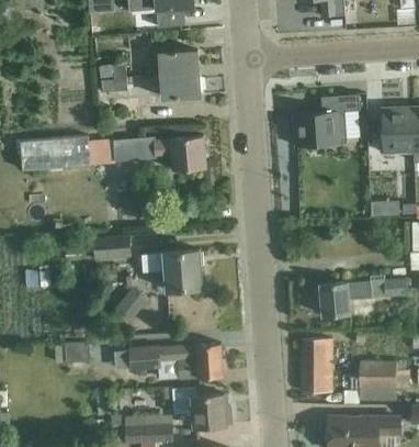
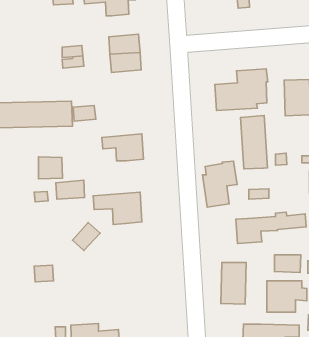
building: [152,136,205,170] -> [102,134,144,161]
building: none -> [240,115,267,169]
building: none -> [38,157,62,179]
building: none -> [202,161,237,207]
building: none -> [274,255,301,272]
building: [129,344,223,379] -> none
building: [165,388,230,427] -> none

